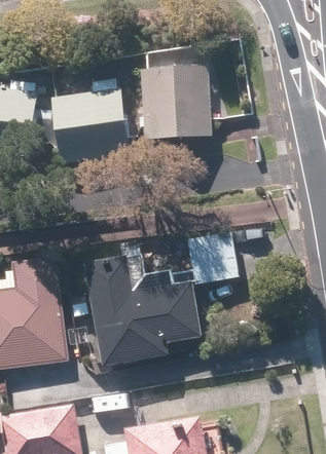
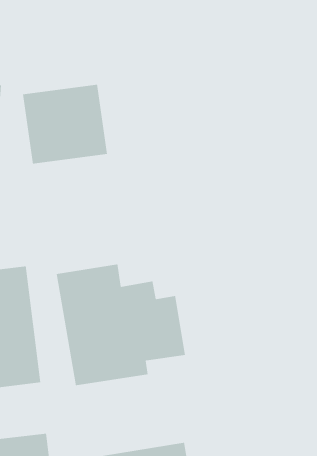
building: [138,67,209,142] -> none
building: [188,232,237,283] -> none

